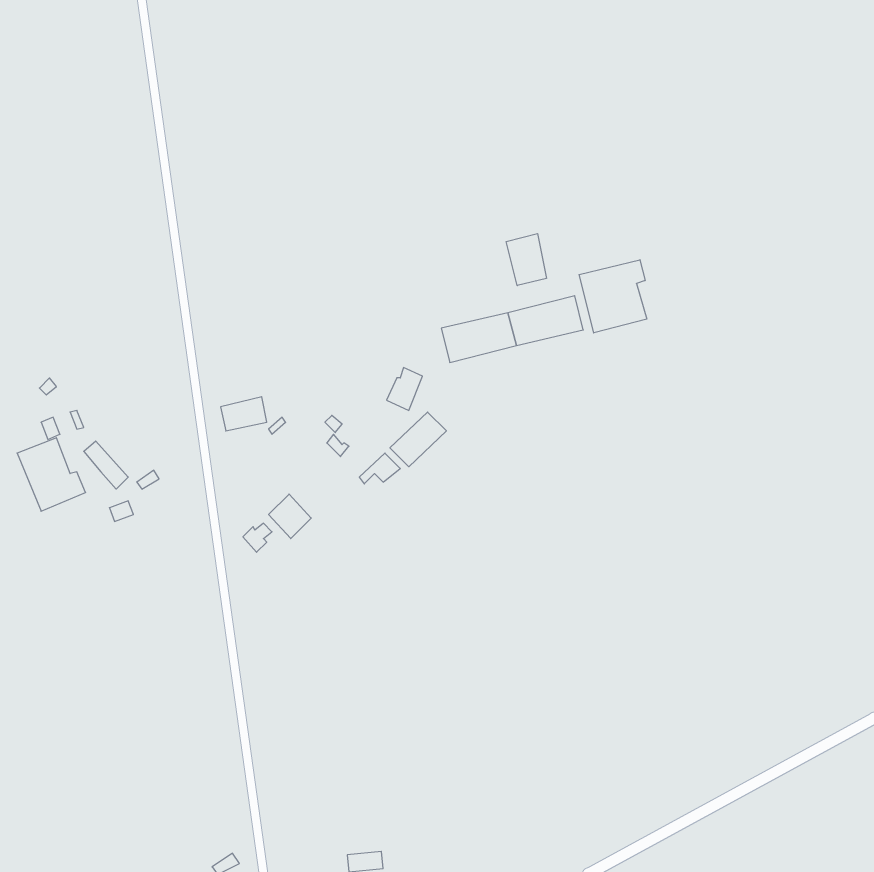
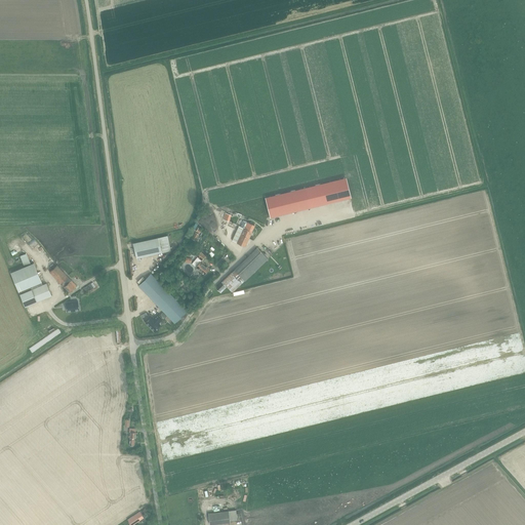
building: [506,234,546,286] -> none
building: [579,260,647,333] -> none
building: none -> [138,274,173,310]

